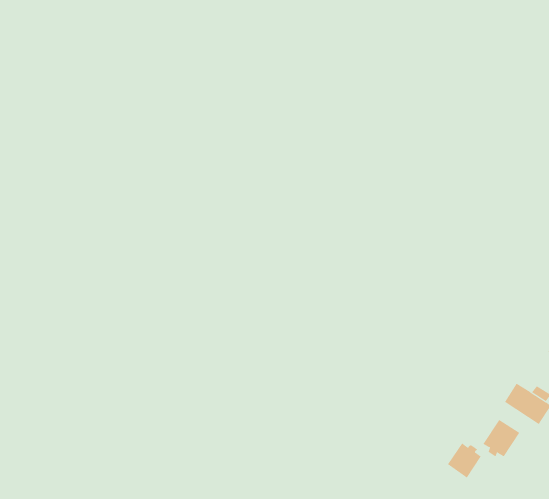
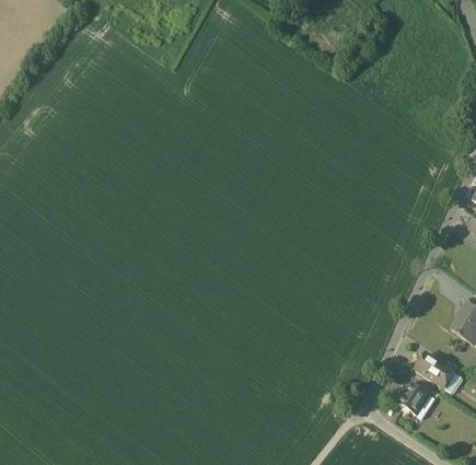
building: [447,442,481,478] -> none

